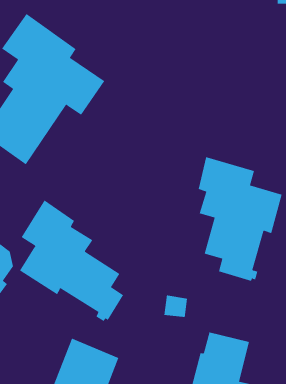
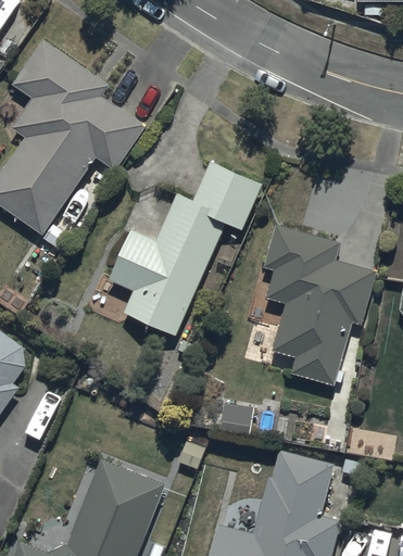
building: none -> [106,162,261,334]
building: [19,200,124,322] -> none

